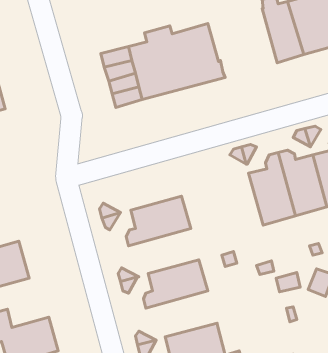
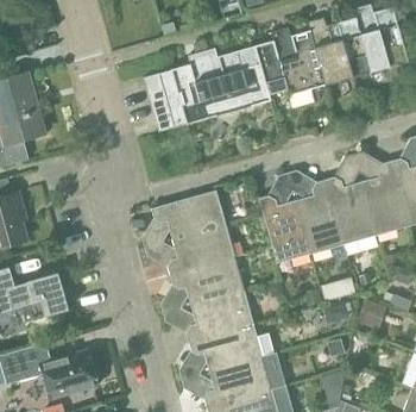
building: none -> [253,27,324,98]
building: none -> [151,191,226,239]
building: none -> [258,195,310,264]
building: none -> [171,258,244,305]
building: none -> [189,323,273,370]

